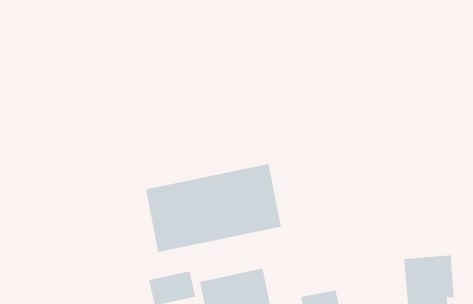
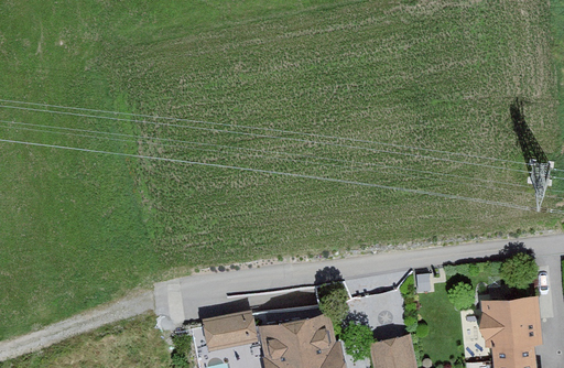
building: [145,163,281,253] -> none

